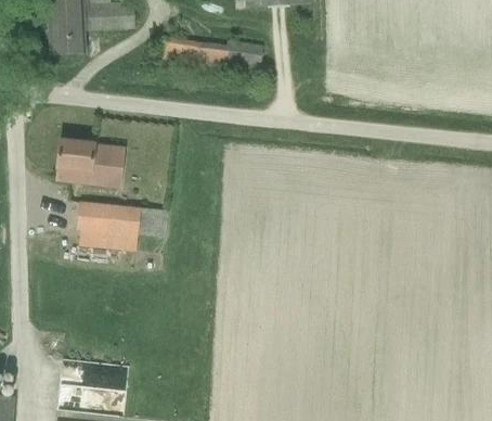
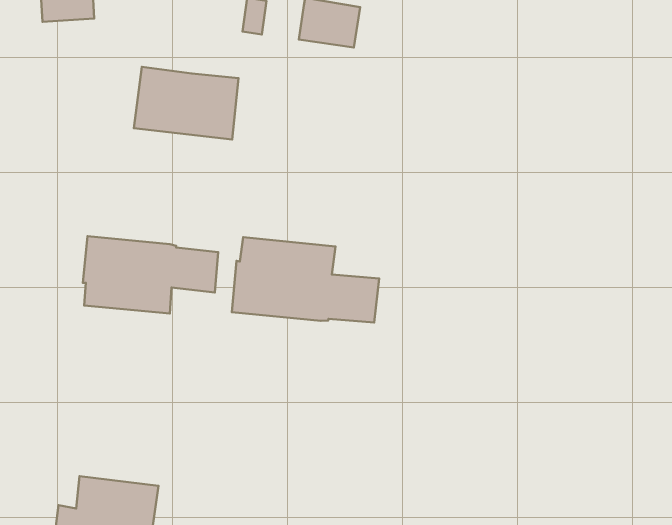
building: [53,138,124,187] -> [134,67,239,139]
building: none -> [232,237,379,323]

